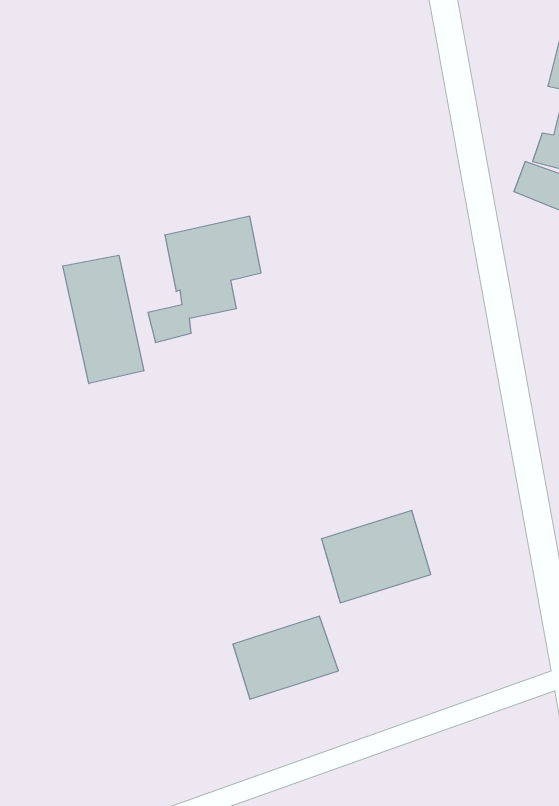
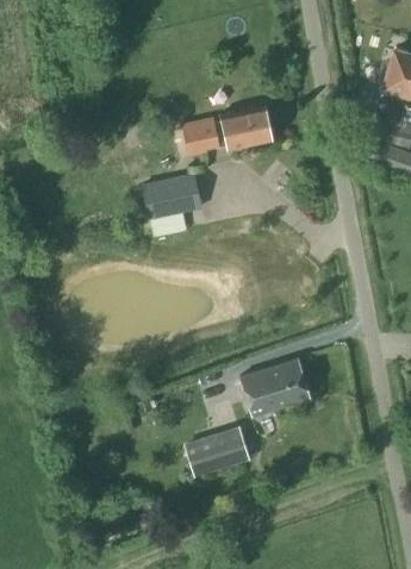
building: none -> [183,105,274,157]
building: [63,255,144,384] -> none

